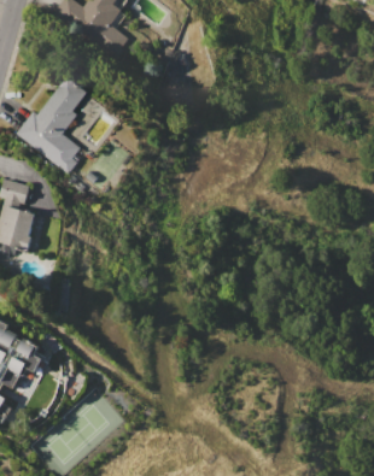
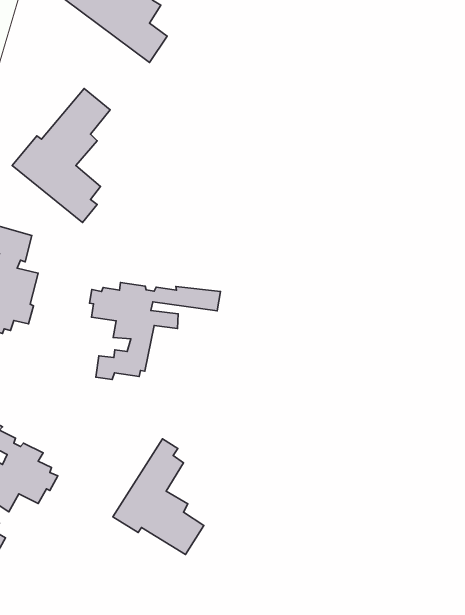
building: none -> [90,282,221,380]
building: none -> [113,439,204,554]

